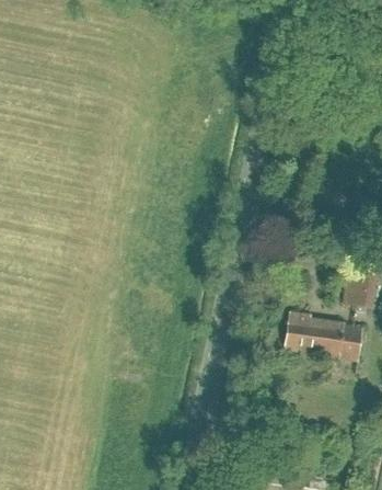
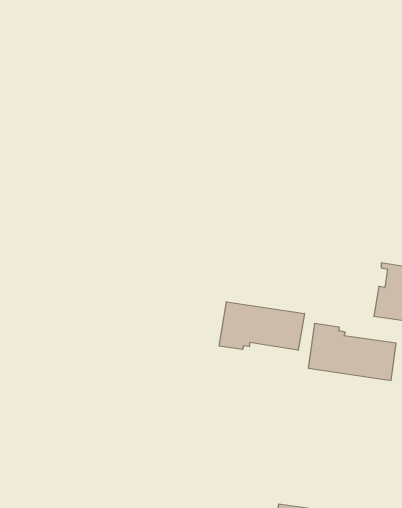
building: none -> [219,302,304,350]

